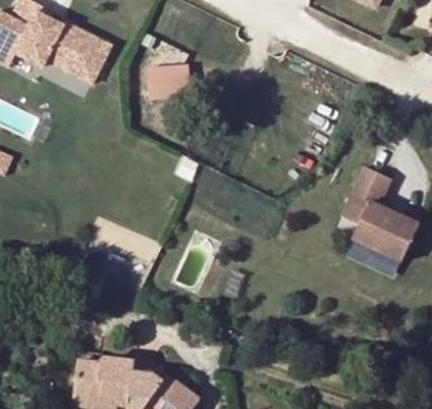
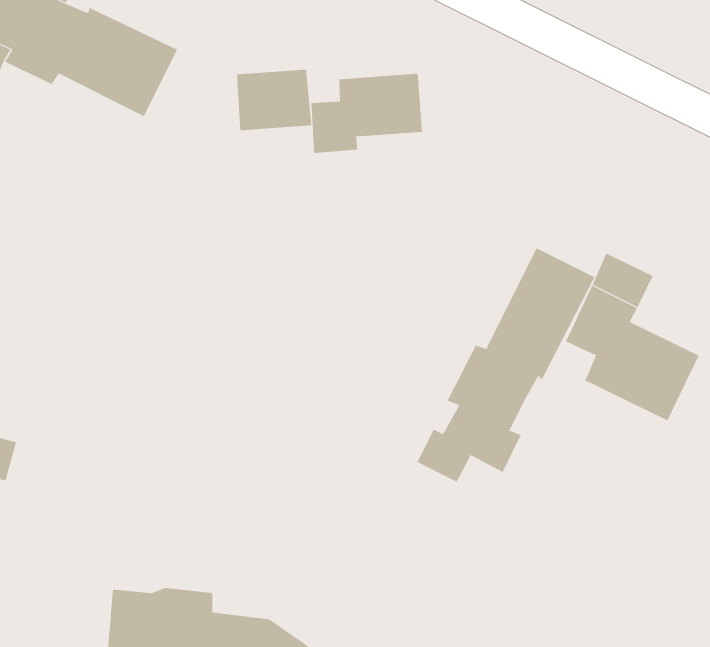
building: none -> [311,73,423,154]
building: none -> [417,247,595,482]

